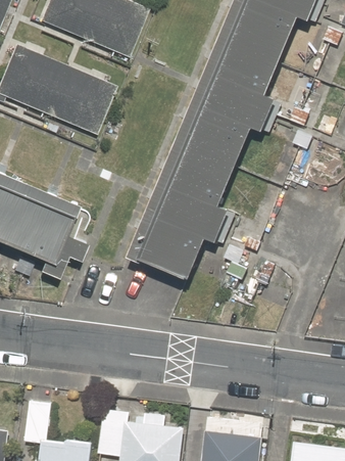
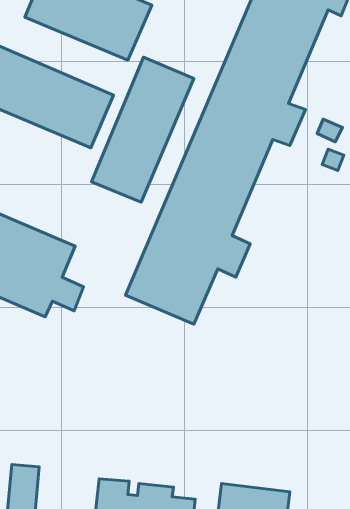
building: none -> [92,57,194,202]

